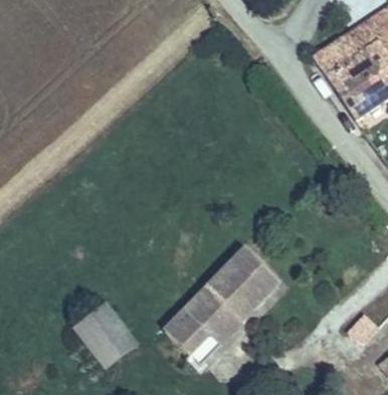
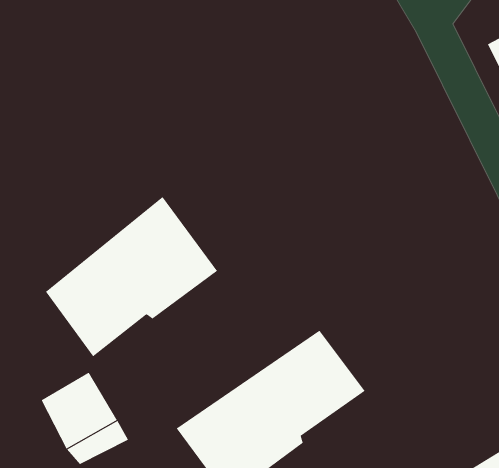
building: none -> [45,196,218,357]

